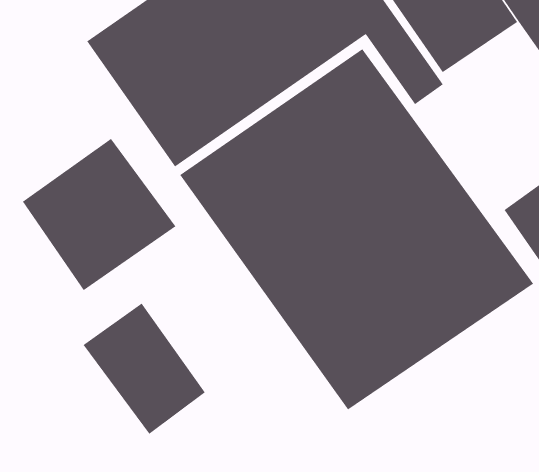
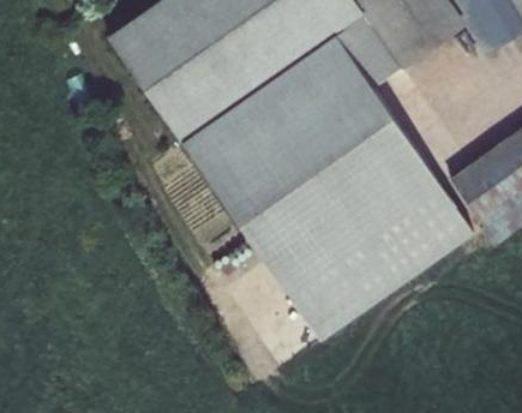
building: [22,138,176,291] -> none
building: [83,302,206,435] -> none

